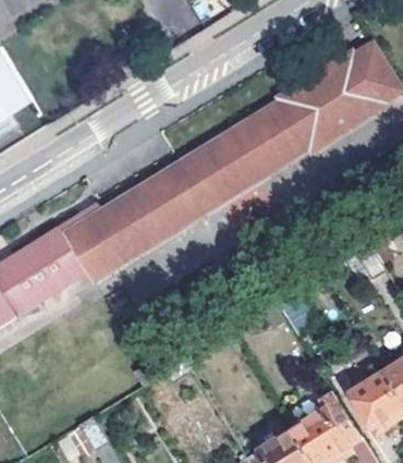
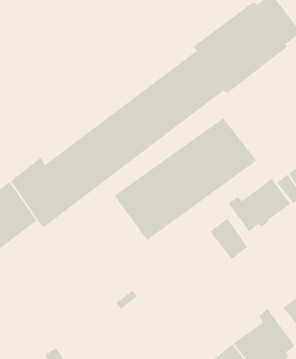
building: none -> [114,118,257,241]
building: none -> [228,178,291,232]

